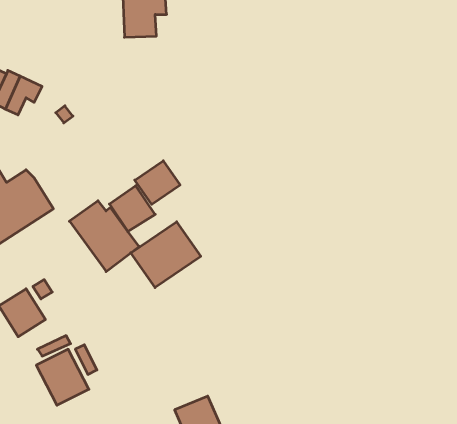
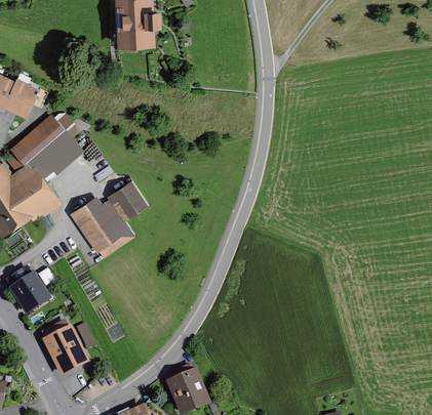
building: none -> [14,115,85,184]
building: [135,161,180,204] -> none
building: [131,222,201,288] -> none

